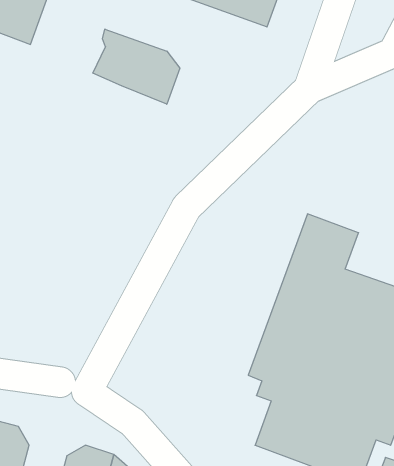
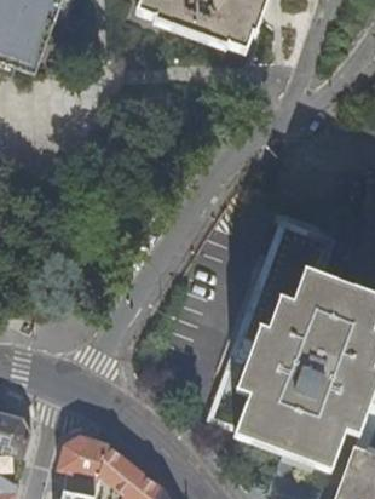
building: [93,29,180,104] -> none

